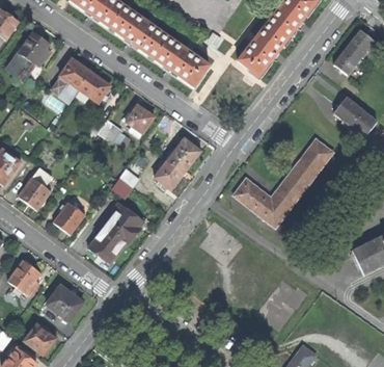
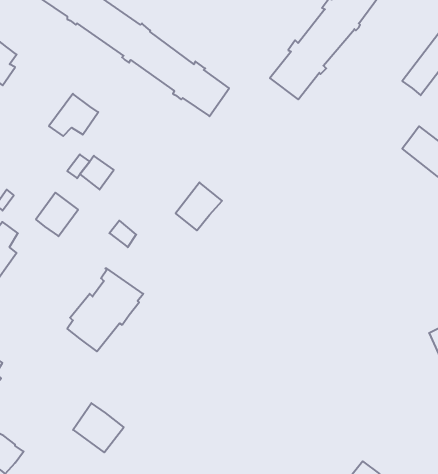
building: [52,59,91,102] -> none
building: [125,105,155,138] -> none
building: [235,137,335,228] -> none
building: [155,158,183,189] -> none
building: [53,201,84,233] -> [36,193,78,236]
building: [46,284,83,320] -> [73,403,124,452]

